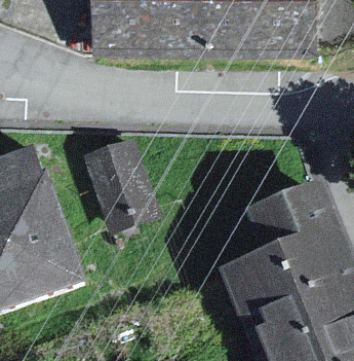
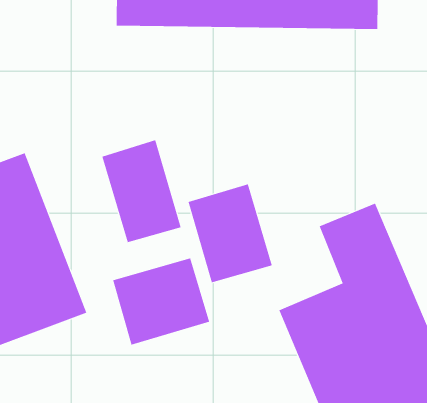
building: none -> [188,183,272,283]
building: none -> [113,257,210,345]

